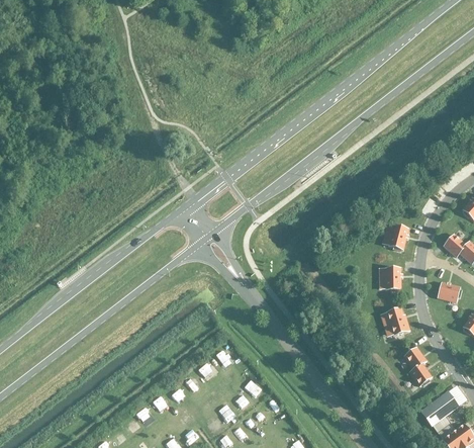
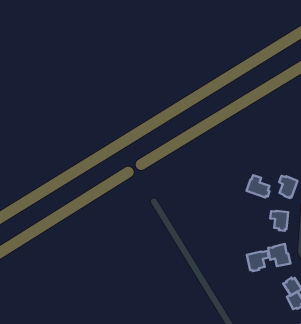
building: none -> [246,175,270,197]
building: none -> [247,251,269,271]

